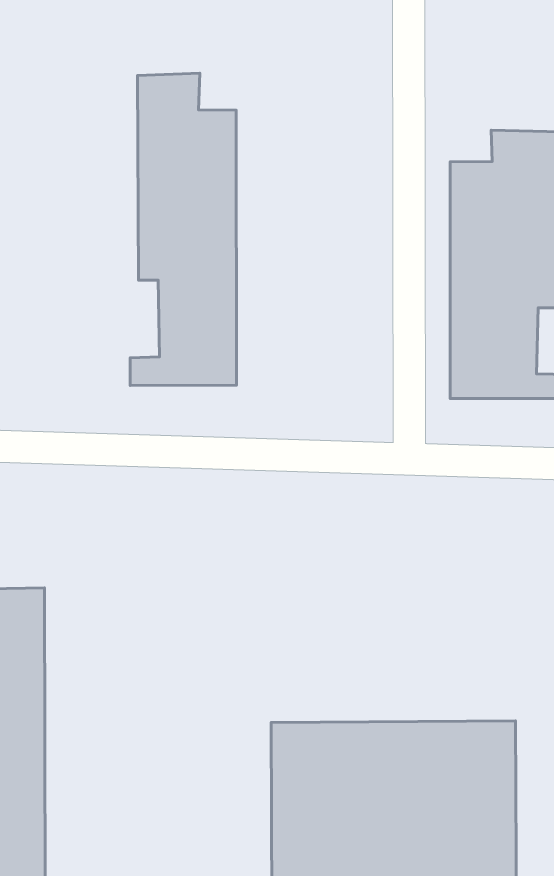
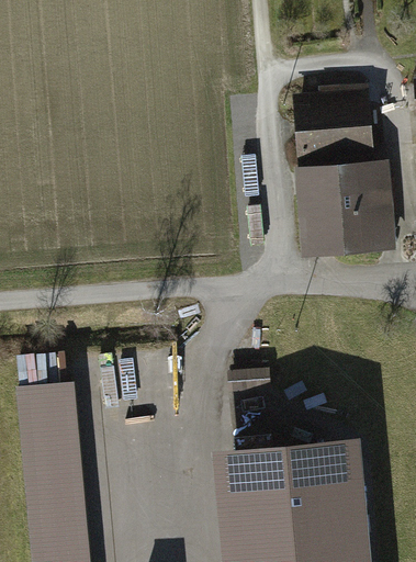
building: [130,73,237,385] -> none

